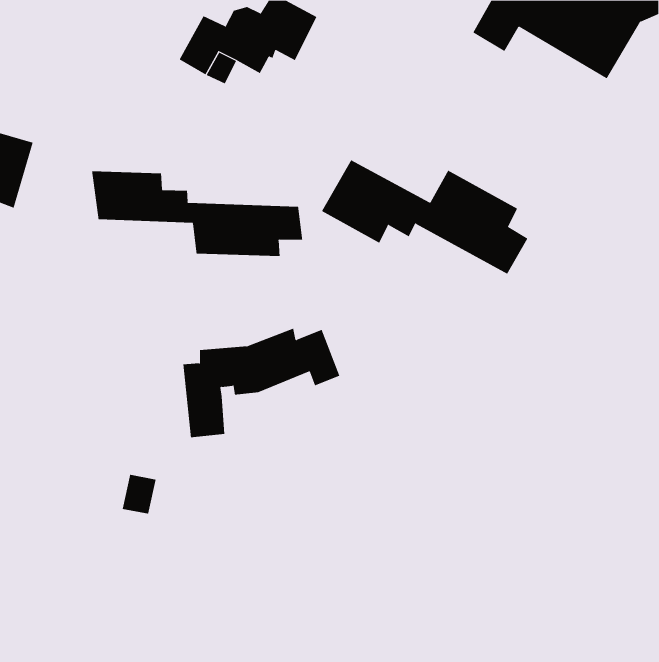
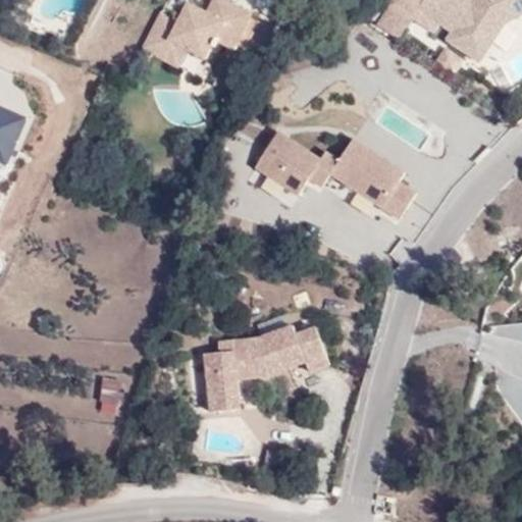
building: [92,171,303,257] -> none
building: [182,328,340,438] -> [204,326,328,413]

